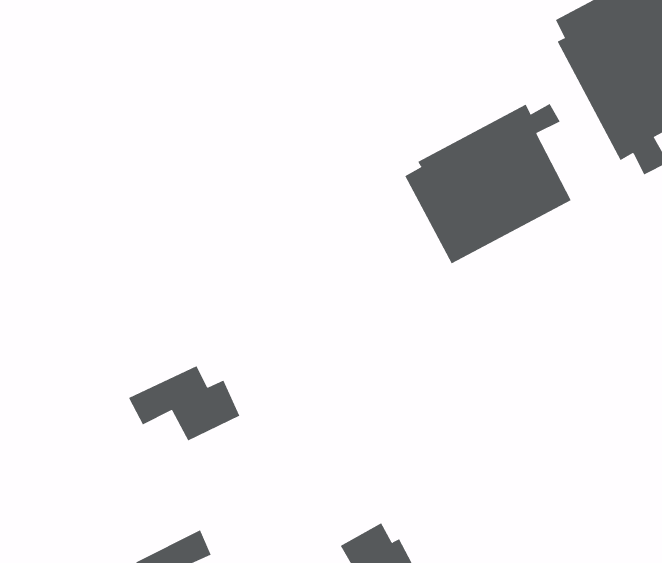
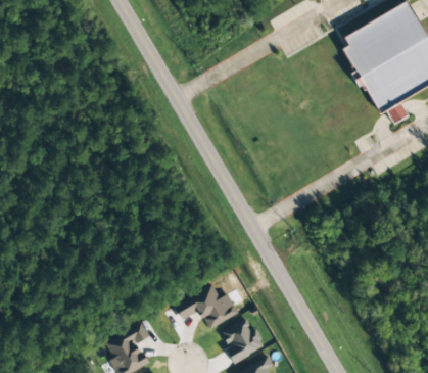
building: [405,103,572,264] -> none
building: [128,365,240,441] -> [175,285,238,328]

